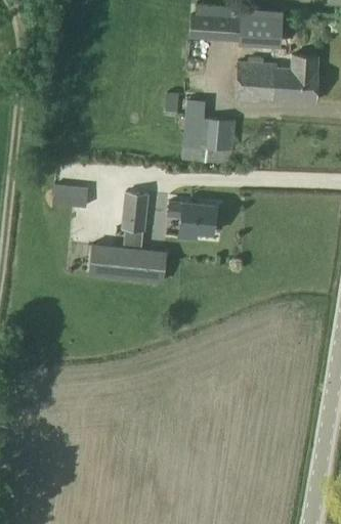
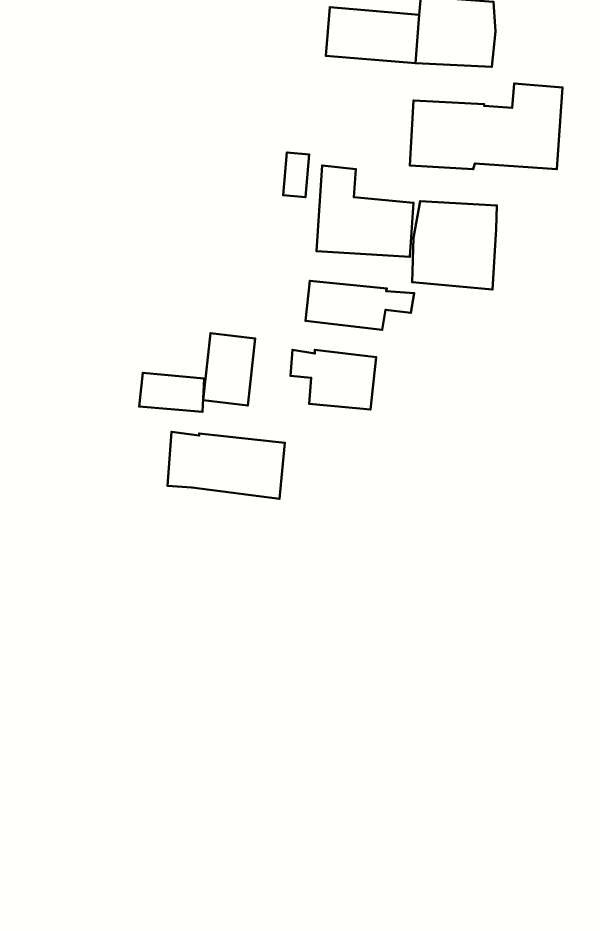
building: none -> [412,201,497,289]
building: none -> [306,281,414,330]
building: [52,185,88,207] -> [139,373,204,412]

